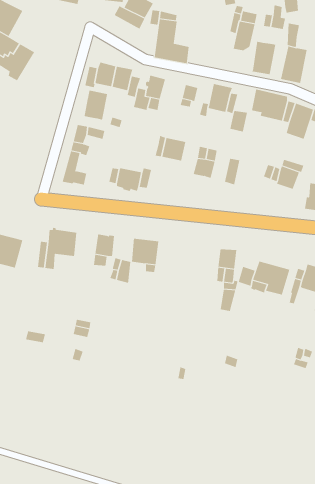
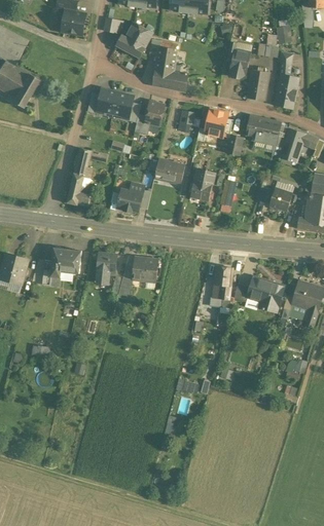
building: [83,90,109,121] -> none

